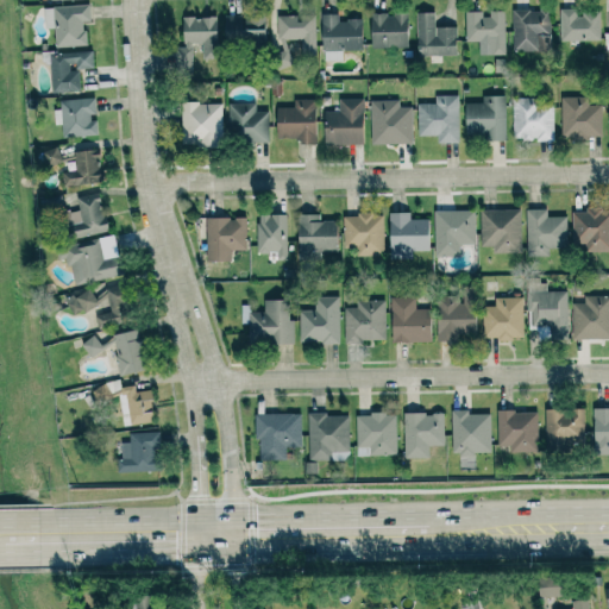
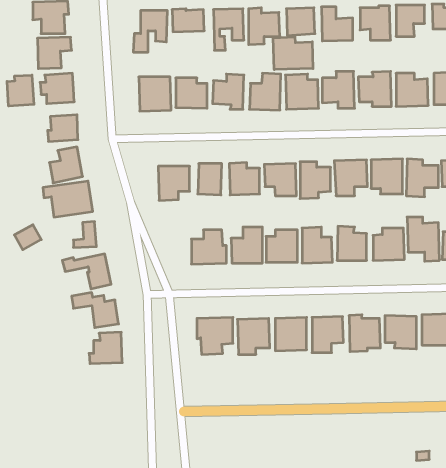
building: none -> [273,37,313,70]
building: none -> [7,75,34,106]
building: [64,284,99,316] -> [14,225,41,250]

